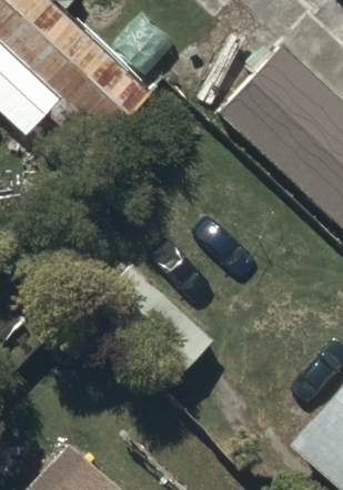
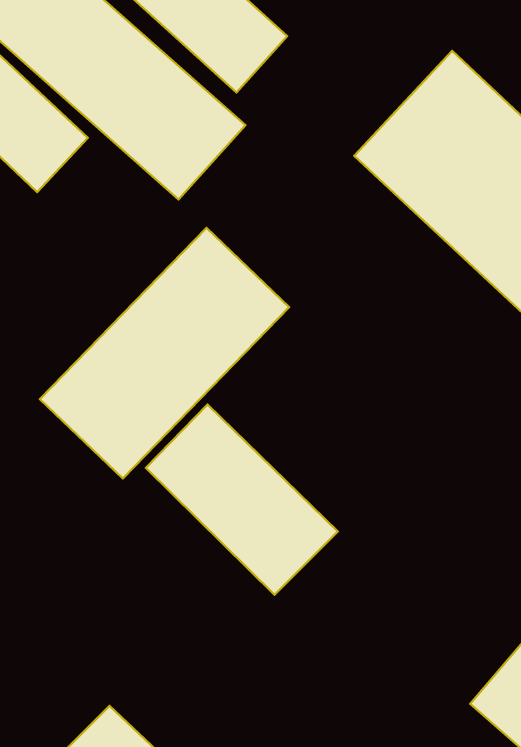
building: none -> [40,228,289,479]

